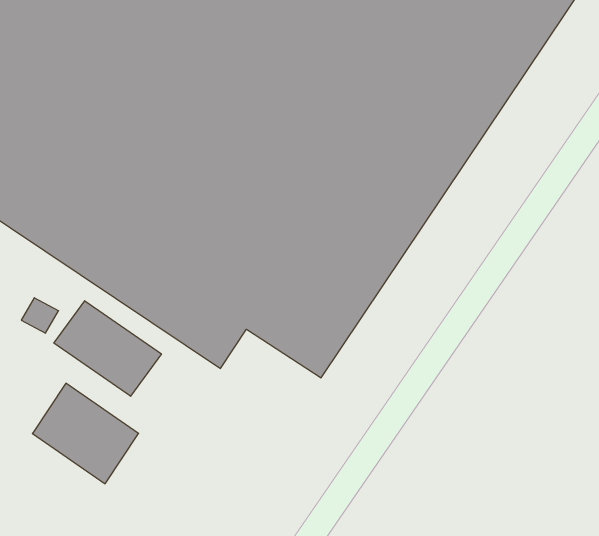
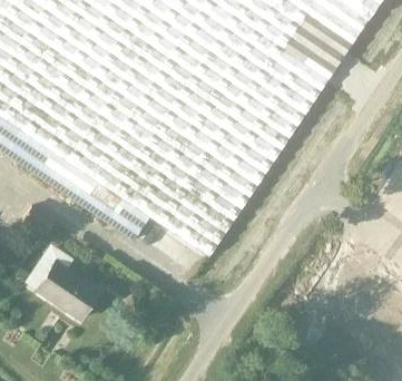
building: [54,301,161,396] -> none

